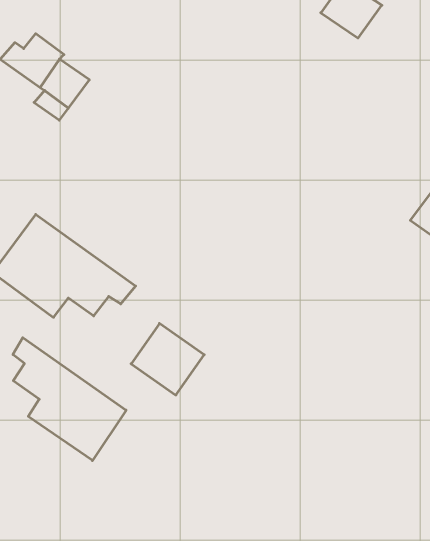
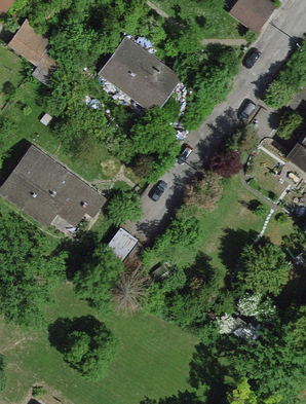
building: none -> [105,43,176,108]
building: [13,338,126,461] -> none

